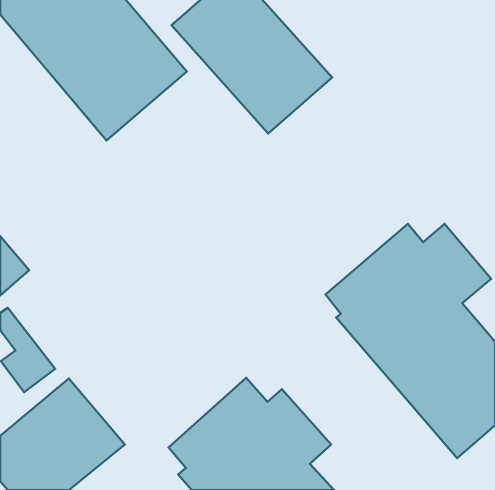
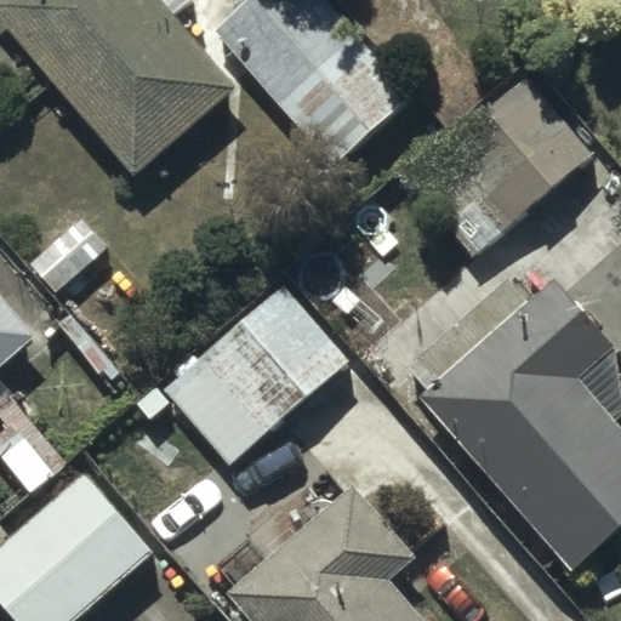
building: none -> [409,78,591,253]
building: none -> [163,285,351,467]

